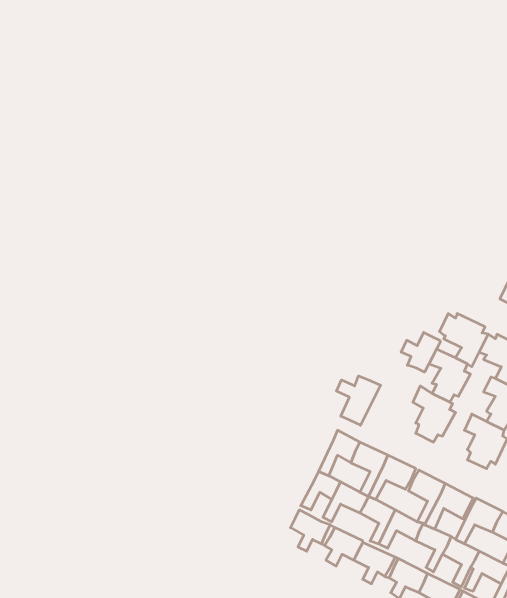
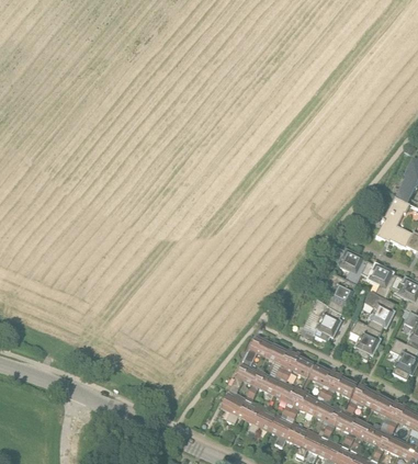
building: [401,332,440,372] -> none
building: [336,376,381,425] -> none

